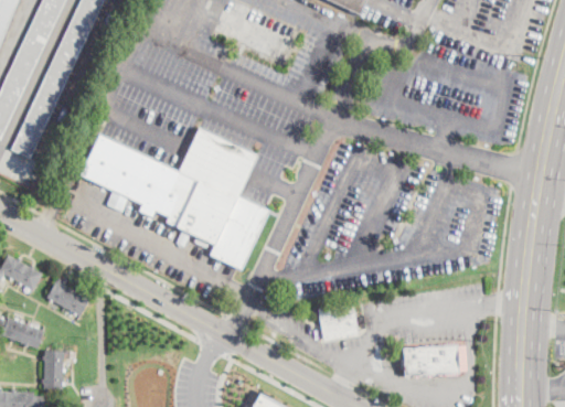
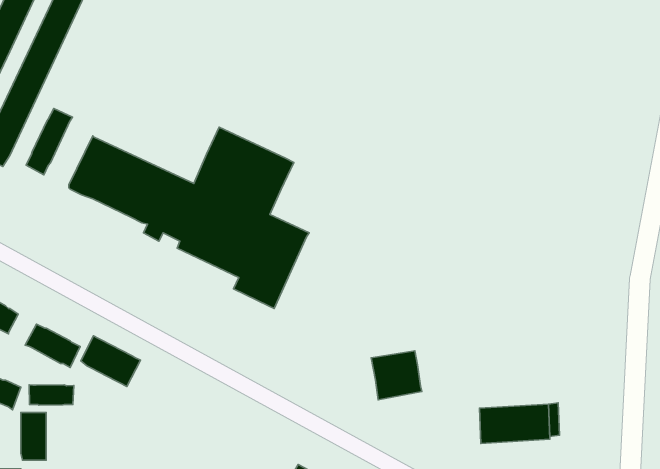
building: none -> [26,108,73,175]
building: none -> [81,336,140,386]
building: none -> [29,385,74,405]

